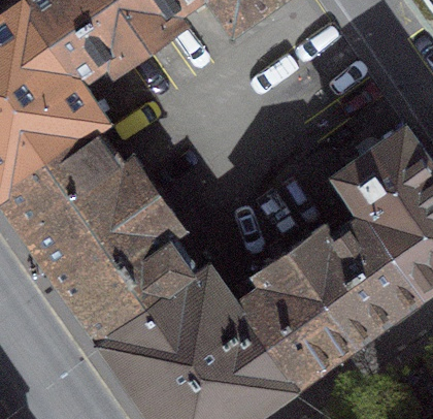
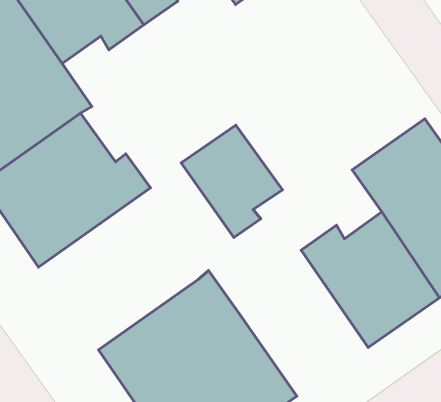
building: none -> [181,125,283,237]
building: [55,195,200,343] -> none
building: [237,252,355,385] -> none

